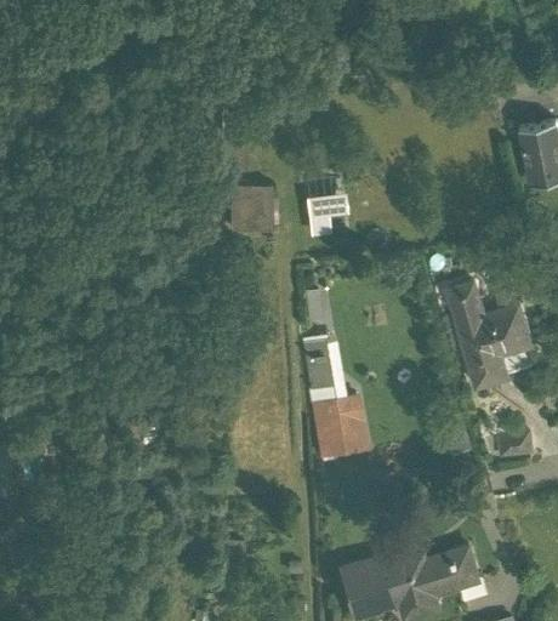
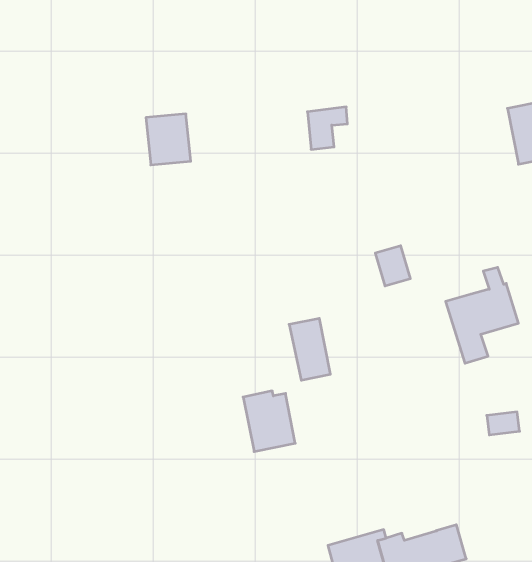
building: [223,189,268,240] -> [146,114,191,165]
building: [306,194,346,237] -> [307,107,347,149]
building: [449,283,484,323] -> [375,246,410,286]
building: [314,395,366,456] -> [243,391,295,452]

